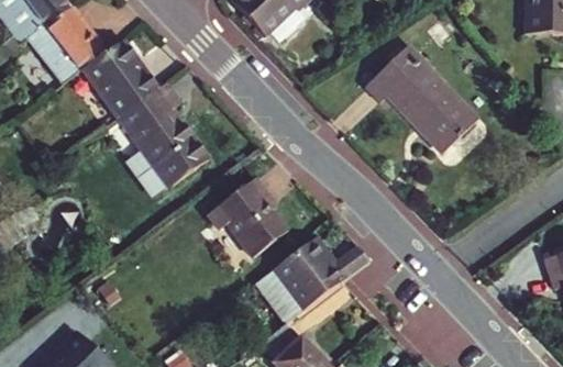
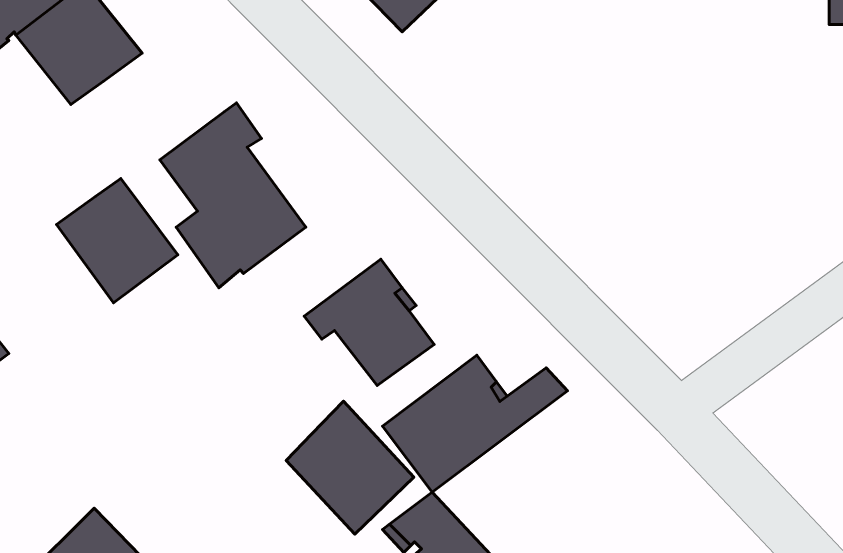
building: [84,40,158,116] -> [57,178,178,303]
building: [365,46,477,153] -> none
building: none -> [286,401,414,534]

